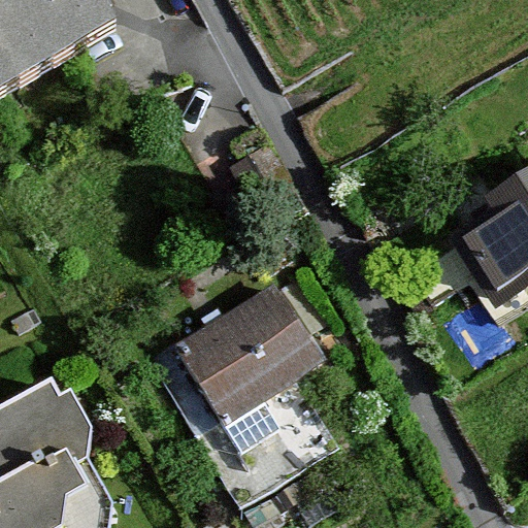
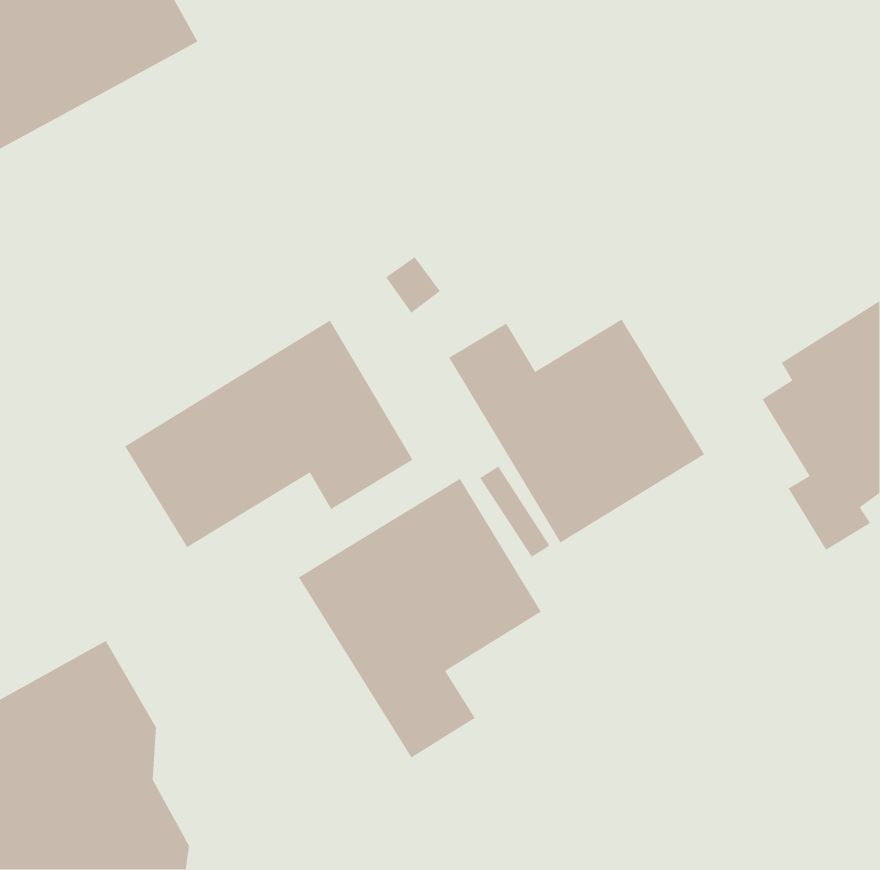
building: none -> [448,318,705,543]
building: none -> [124,320,413,548]

